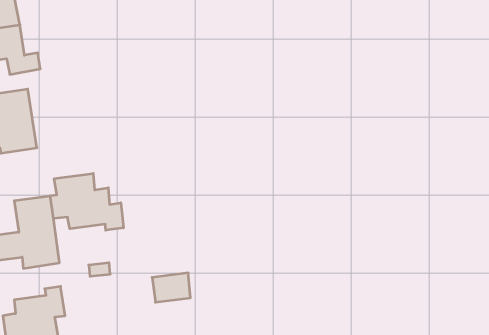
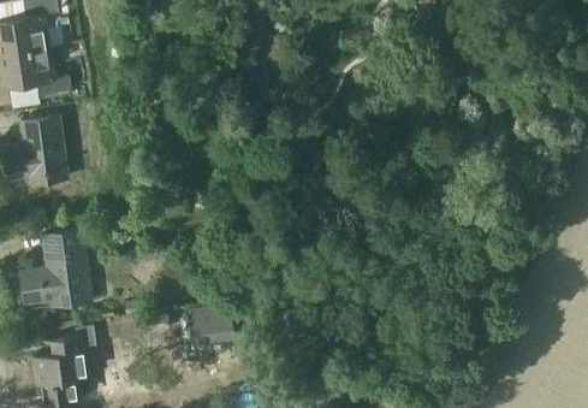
building: [50,173,123,230] -> none

